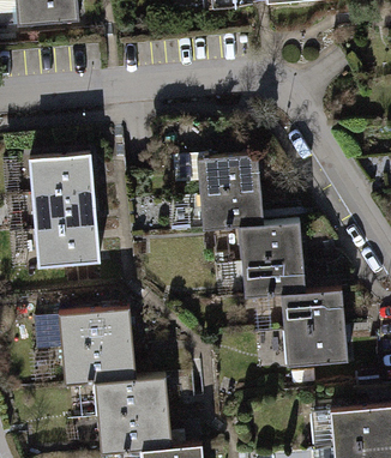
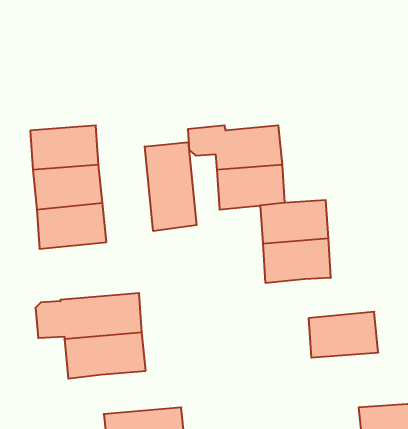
building: none -> [145,142,197,231]
building: [281,289,344,330] -> none
building: [95,376,168,417] -> none

